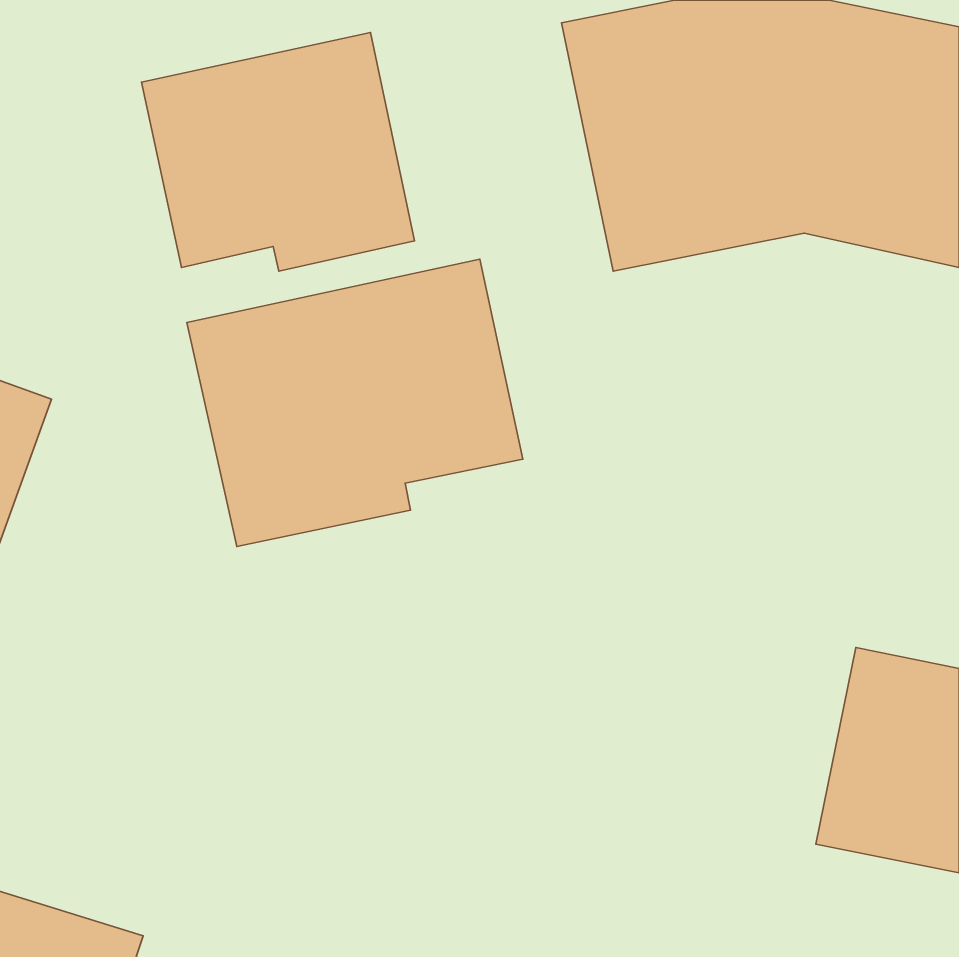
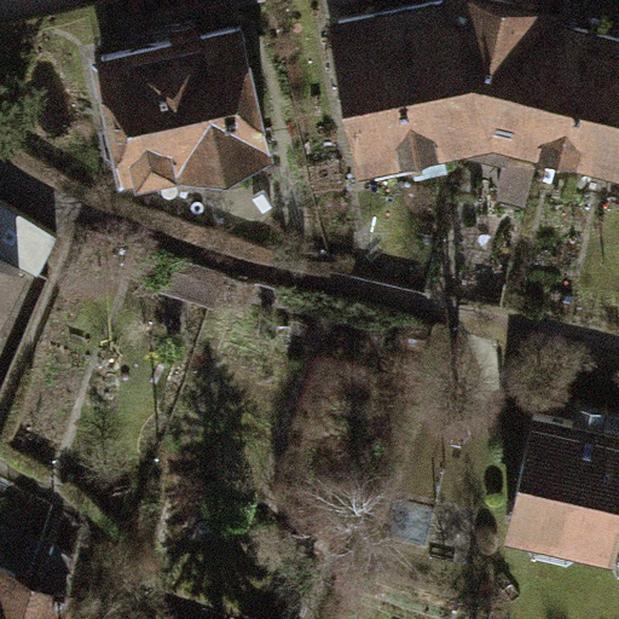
building: [187,259,523,547] -> none

